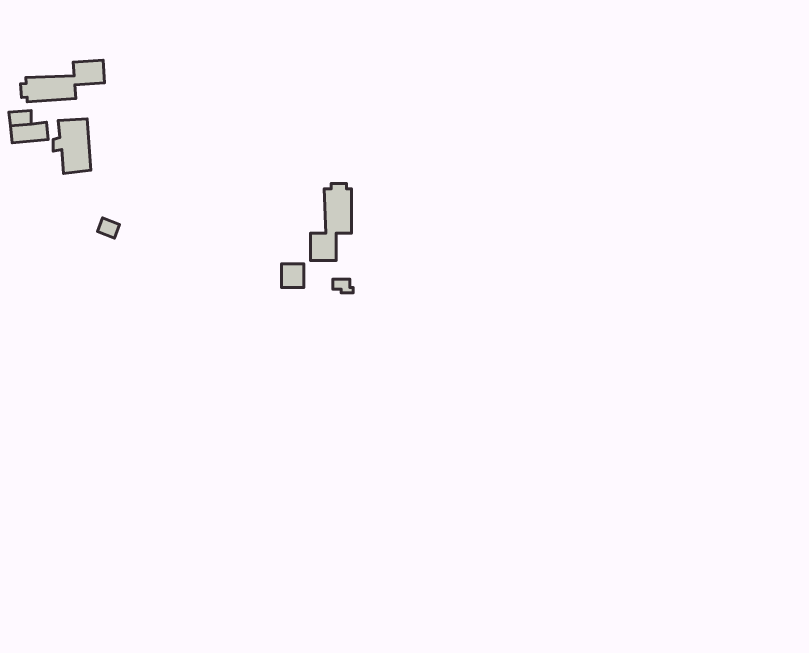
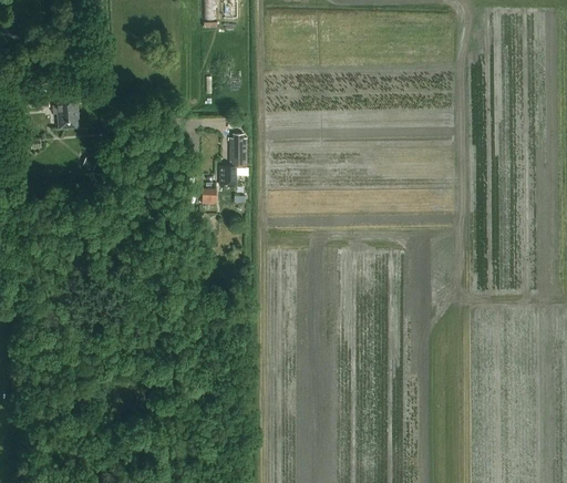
building: [21,60,105,102] -> none

